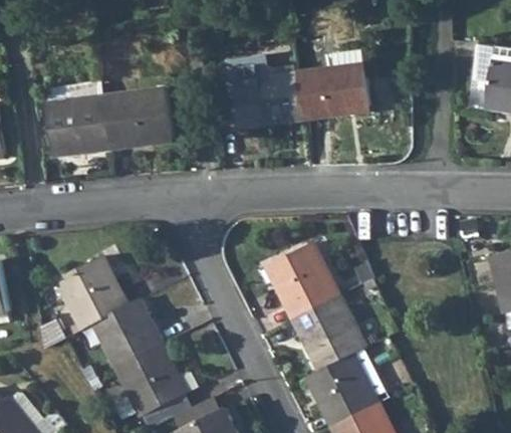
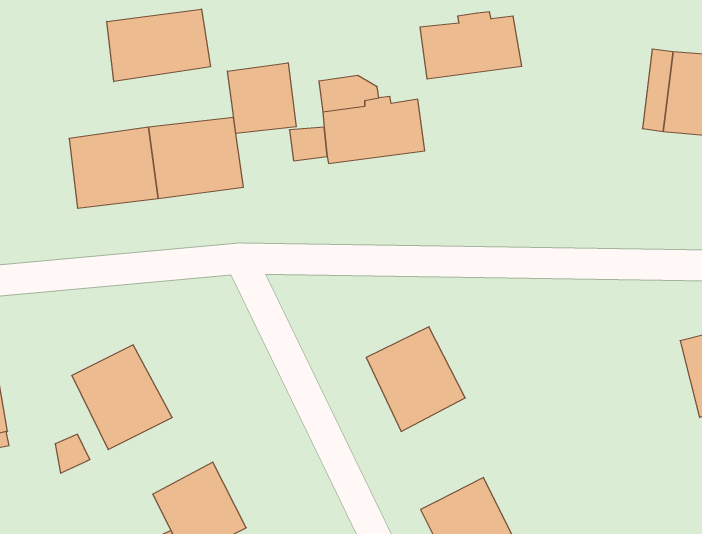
building: none -> [107,9,210,82]
building: none -> [227,63,296,133]
building: [303,66,376,115] -> [420,12,522,79]
building: [291,292,363,367] -> none
building: [94,300,156,362] -> none

